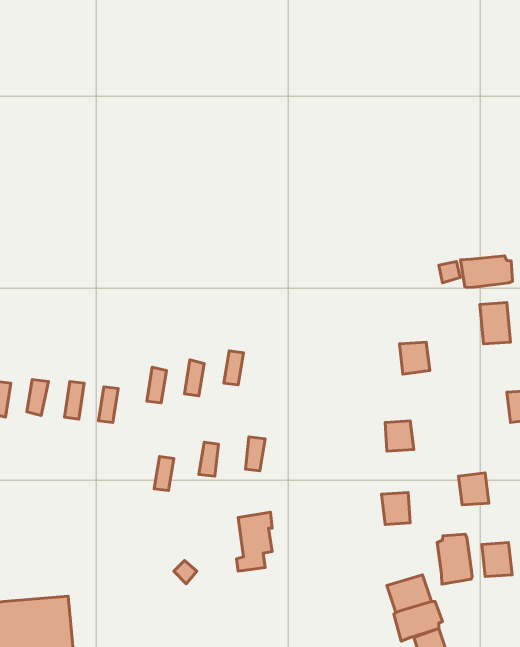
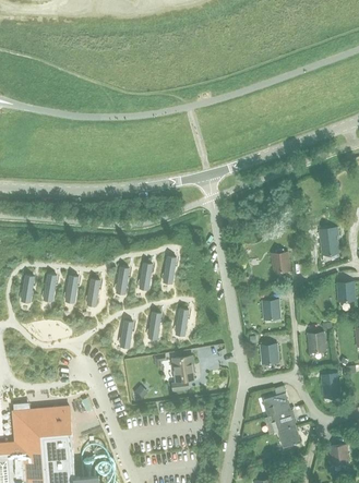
building: [460,256,513,288] -> none
building: [437,534,472,584] -> none

